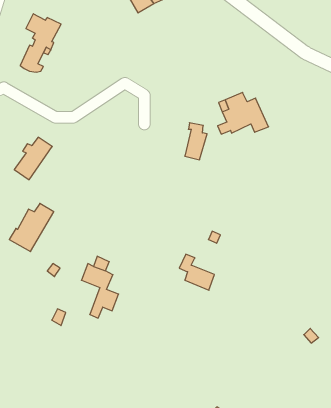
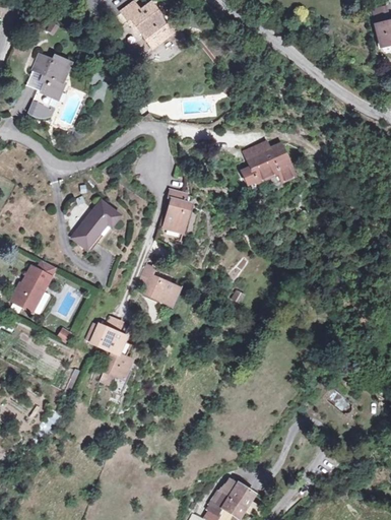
building: [185,123,207,160] -> [167,191,191,232]
building: [14,137,52,180] -> [70,199,112,246]
building: [179,254,214,290] -> [139,264,178,304]

